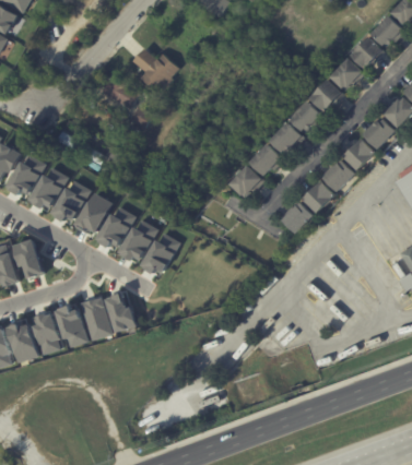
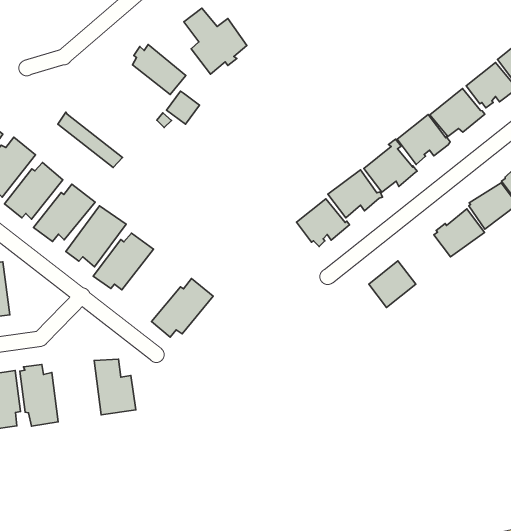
building: [302,181,336,214] -> none
building: [118,219,157,261] -> none
building: [80,297,111,339] -> none

